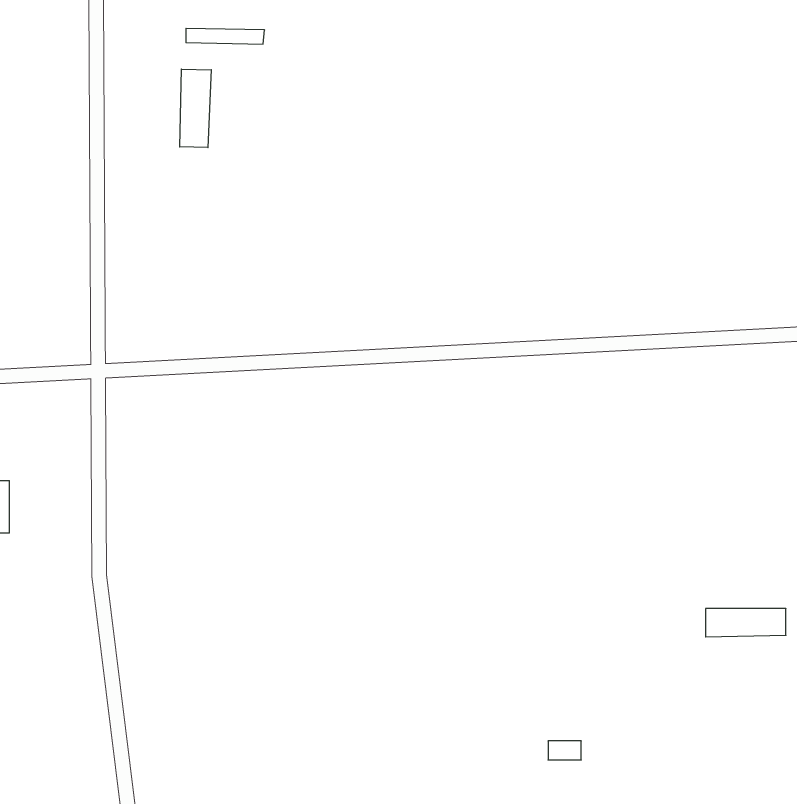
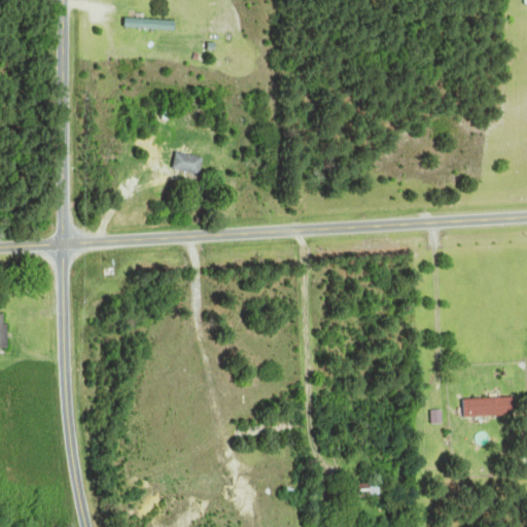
building: [180,69,211,148] -> none
building: none -> [170,152,202,174]

